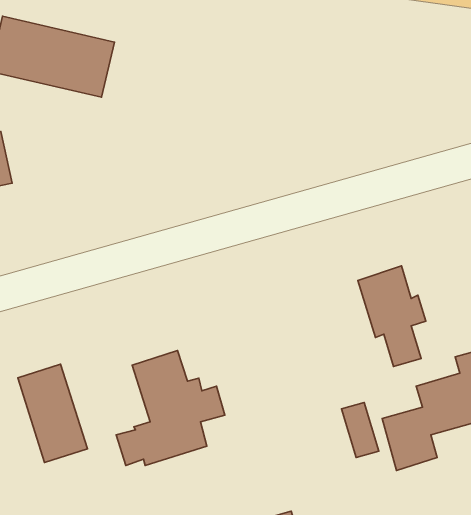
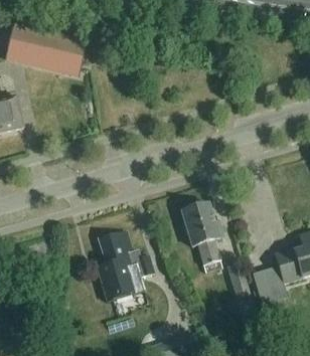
building: [358,266,426,367] -> [181,203,223,265]
building: [18,364,87,463] -> none

